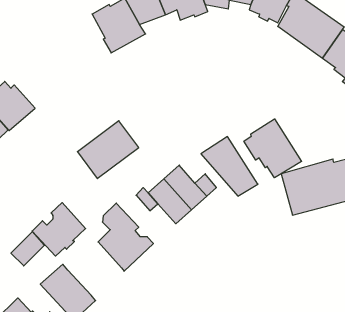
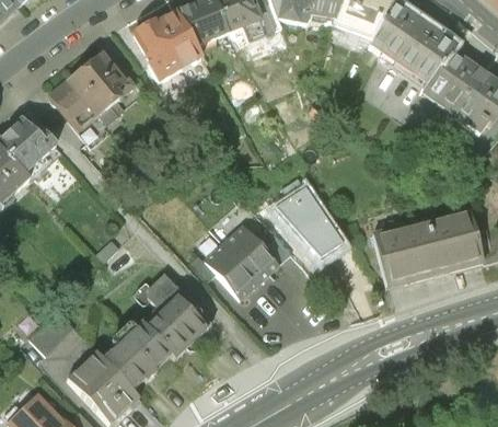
building: [244,119,302,178] -> none
building: [77,121,139,179] -> [54,53,131,126]
building: [32,203,86,256] -> [103,320,171,388]

